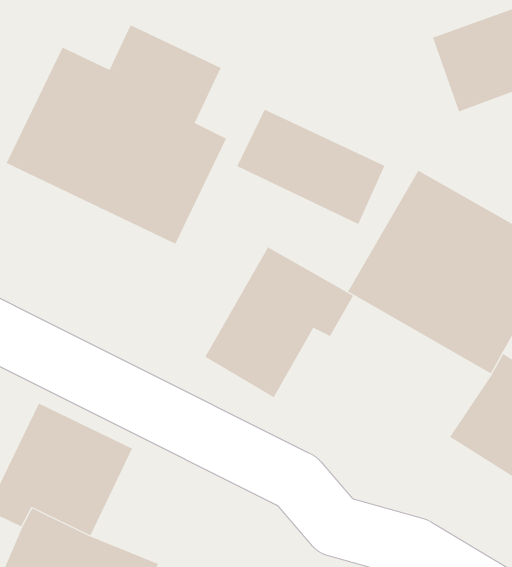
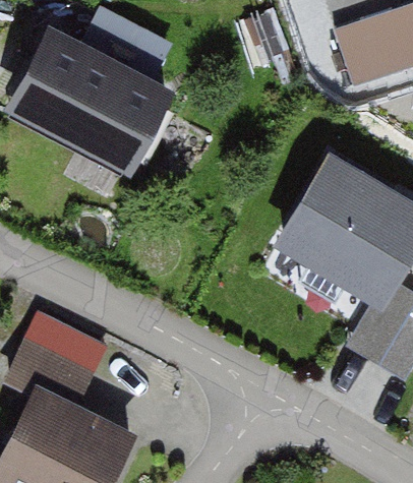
building: [237,109,385,225] -> none
building: [204,246,354,398] -> none

